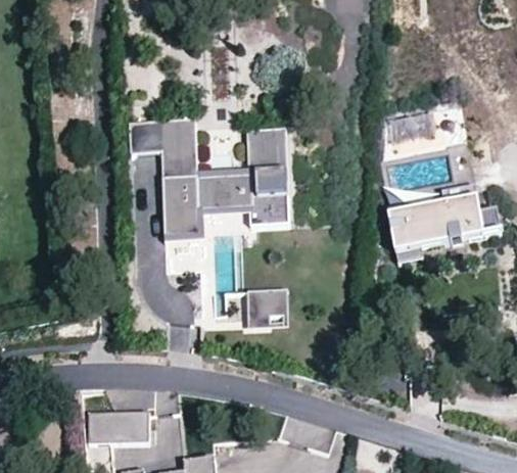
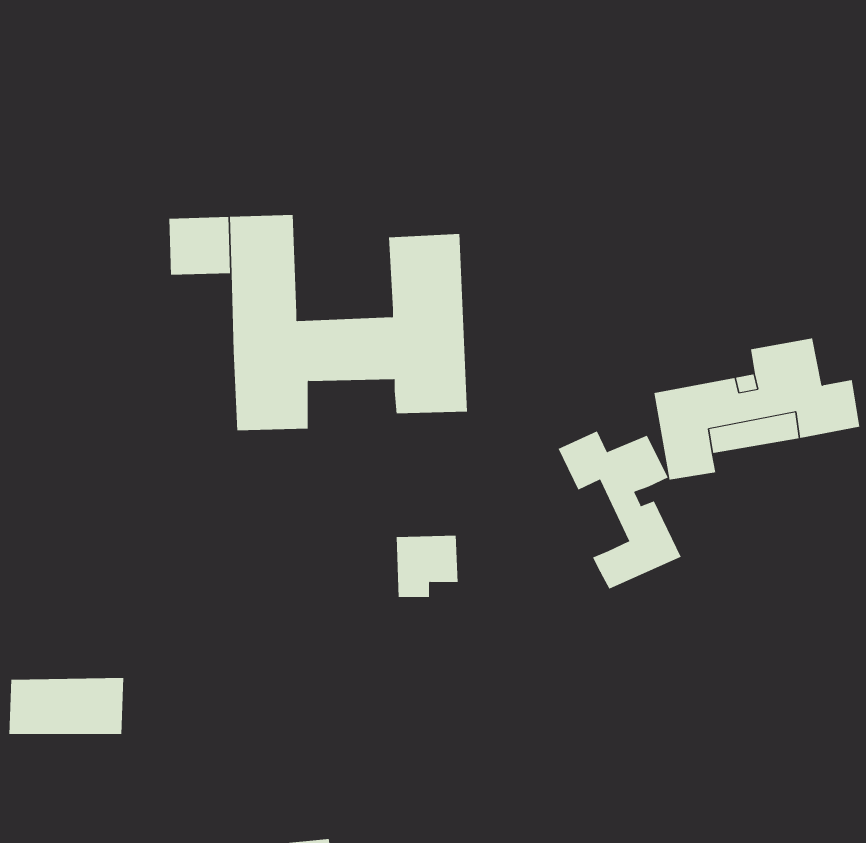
building: none -> [558,431,682,589]
building: [86,412,148,442] -> [9,678,124,734]

